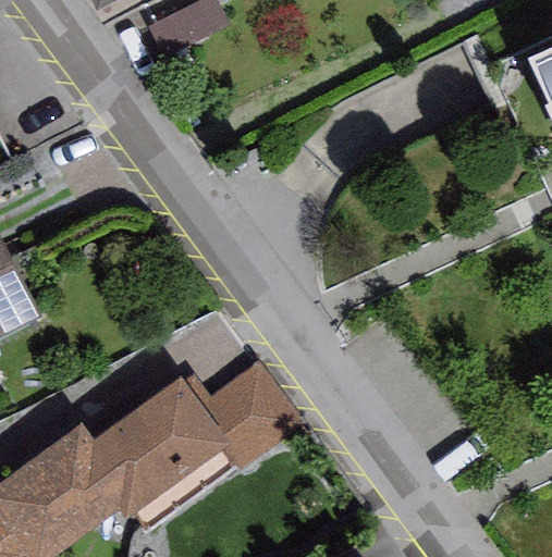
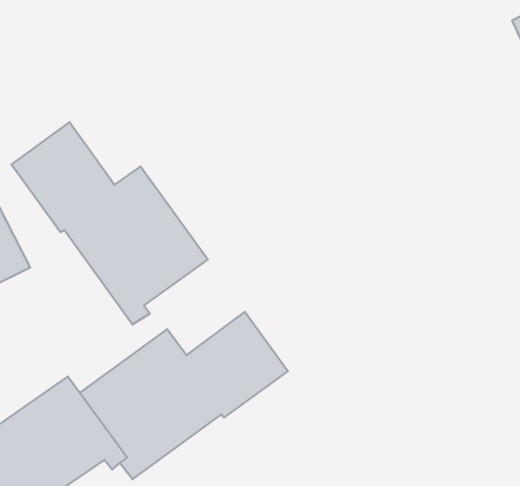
building: none -> [11,122,208,325]

